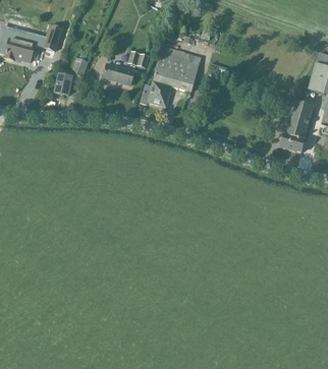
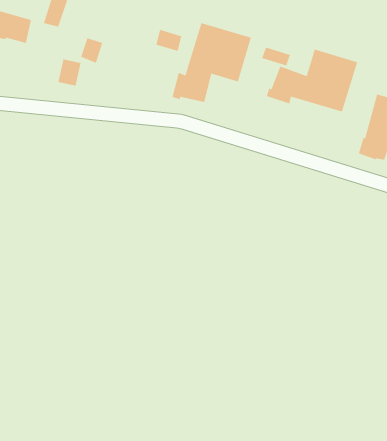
building: [102,62,133,84] -> none
building: none -> [266,48,358,113]

